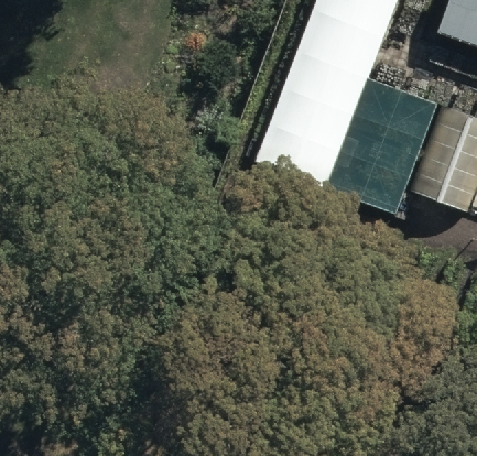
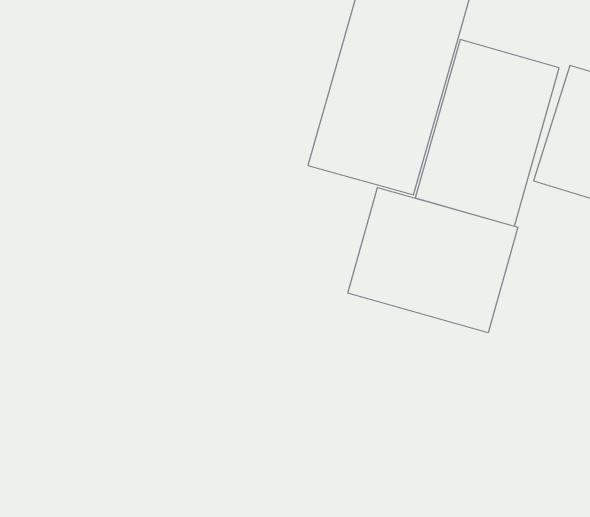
building: none -> [348,187,518,333]

